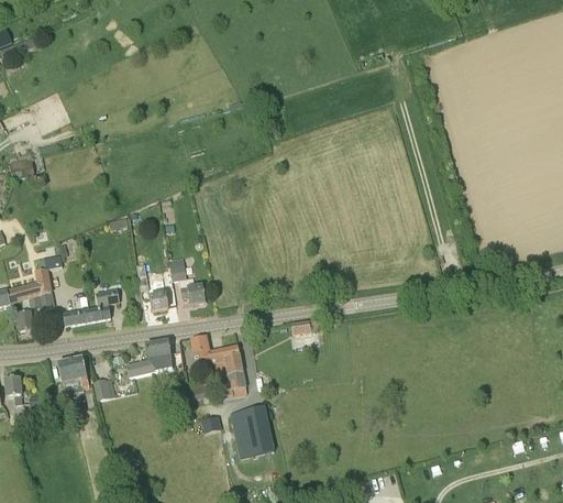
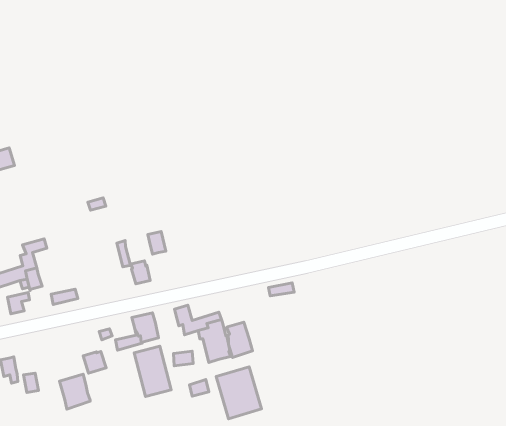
building: [179,277,206,304] -> none
building: [89,288,120,320] -> none
building: [58,358,89,393] -> [59,374,90,409]
building: none -> [227,322,252,358]
building: none -> [134,346,171,396]

